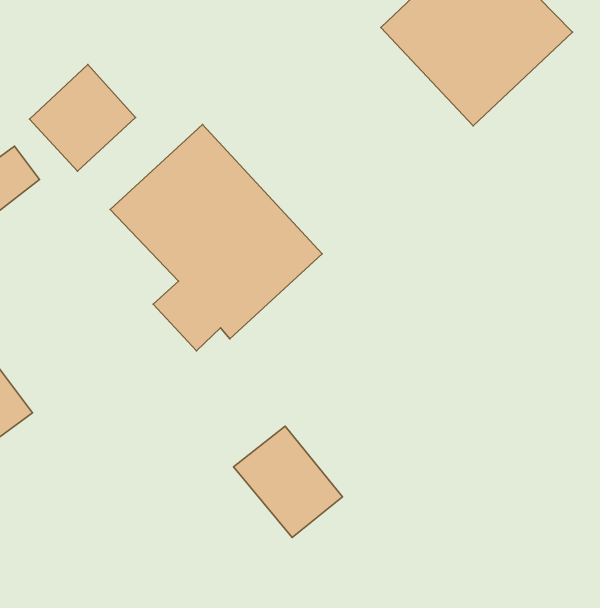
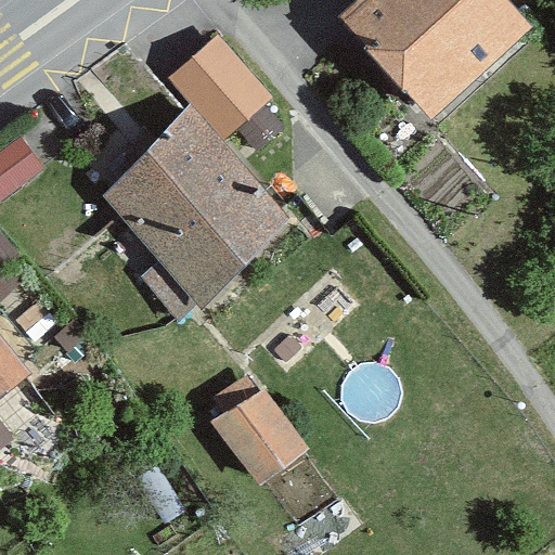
building: none -> [168,33,269,135]
building: [29,64,135,171] -> none

